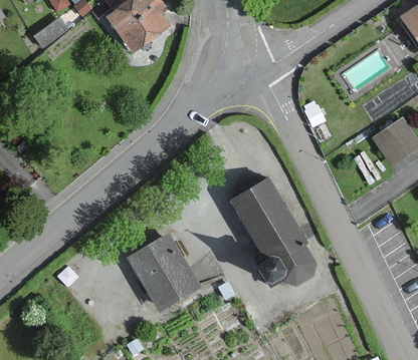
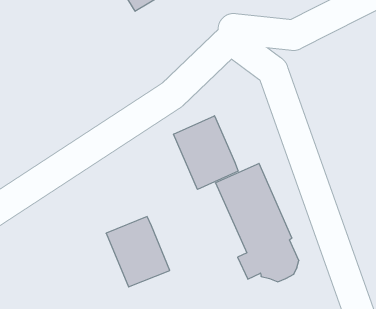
building: none -> [174,116,238,189]

